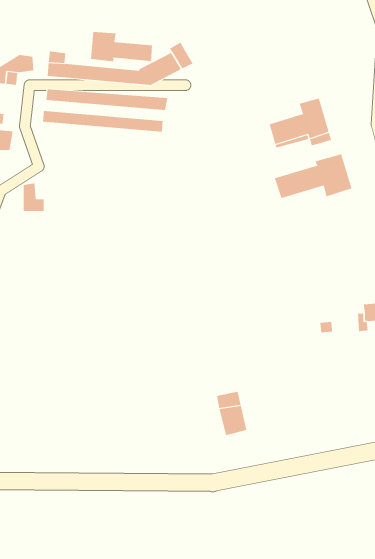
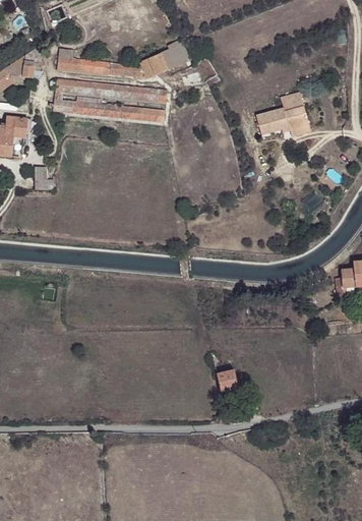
building: [91,31,152,62] -> none
building: [274,153,352,199] -> none

